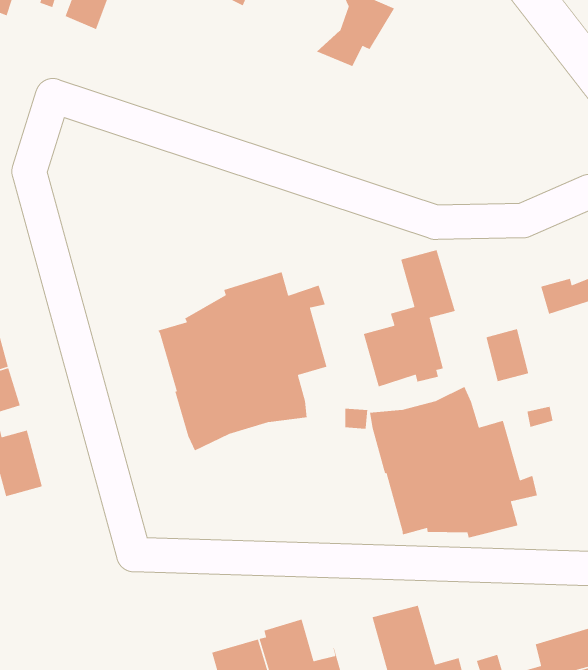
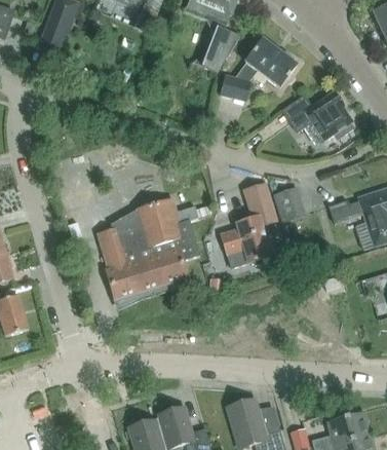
building: none -> [221,38,297,99]
building: none -> [281,90,353,140]
building: [485,328,529,382] -> [275,188,302,221]
building: [369,386,538,539] -> none

